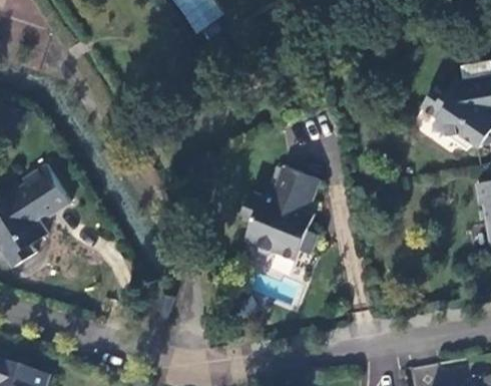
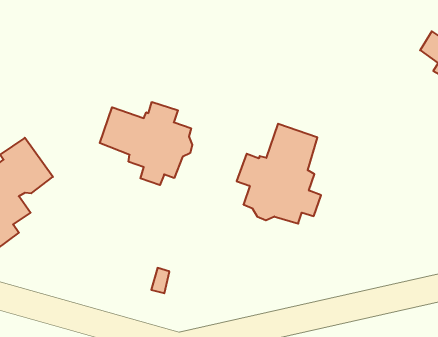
building: none -> [100,102,192,185]

